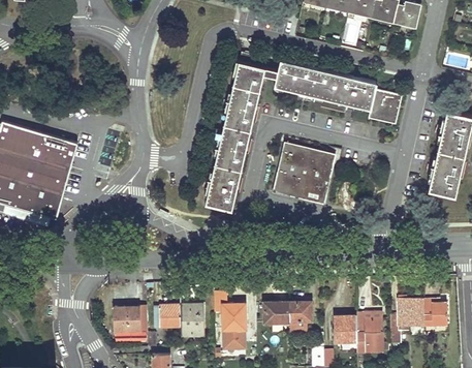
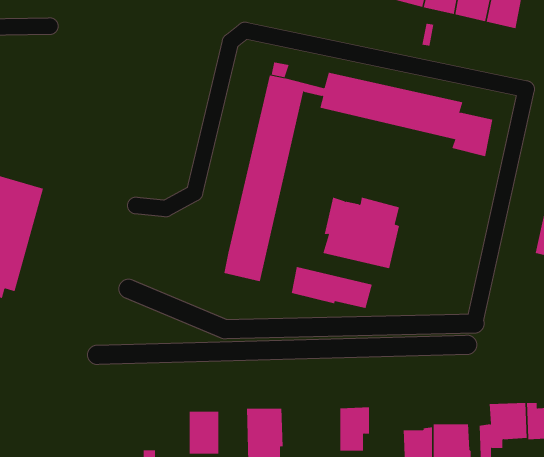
building: none -> [291,266,373,309]
building: [262,303,288,324] -> none
building: [113,307,146,332] -> none
building: [153,307,180,328] -> none

